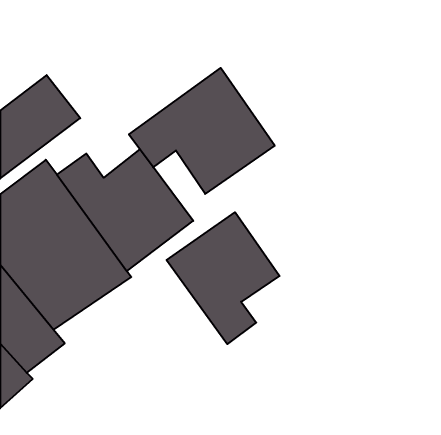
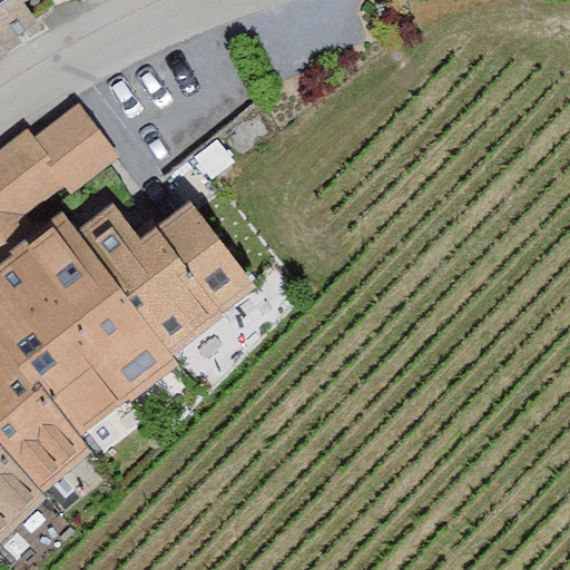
building: [129,68,275,194] -> none
building: [167,212,280,344] -> none

